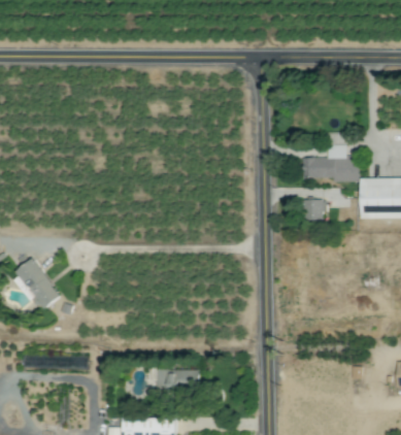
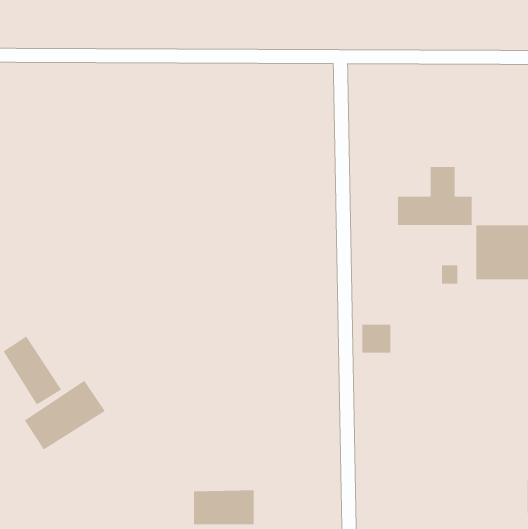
building: [301,199,323,221] -> [361,324,391,354]
building: none -> [24,380,106,451]

